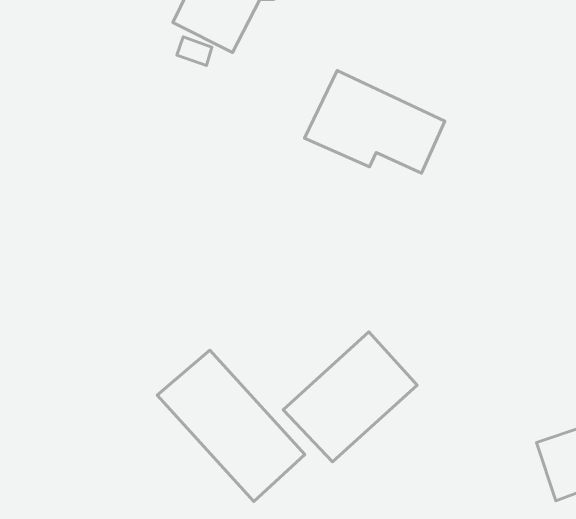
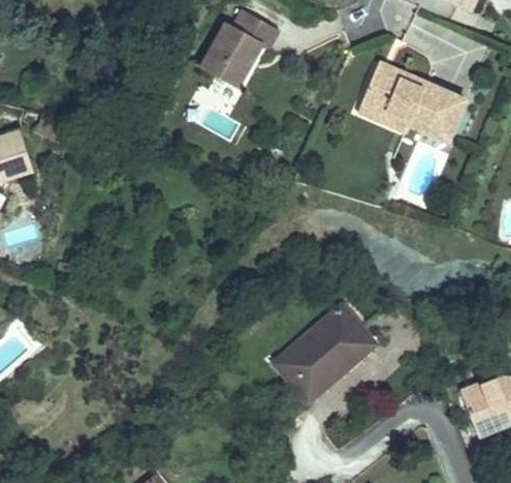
building: [305,71,445,173] -> [355,55,467,137]
building: [157,350,305,502] -> none

